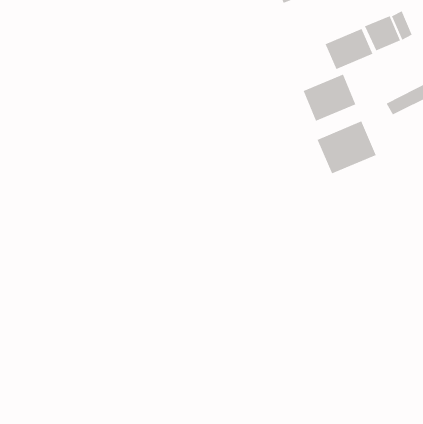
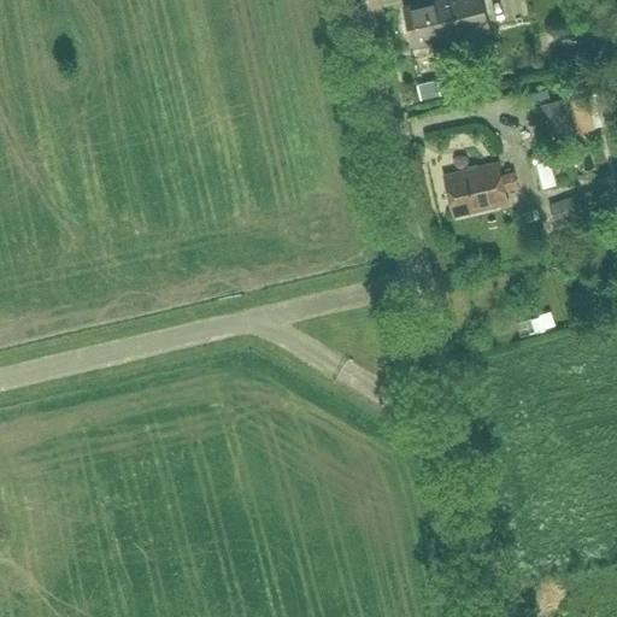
building: [325,28,373,70] -> none
building: [317,121,377,174] -> none

